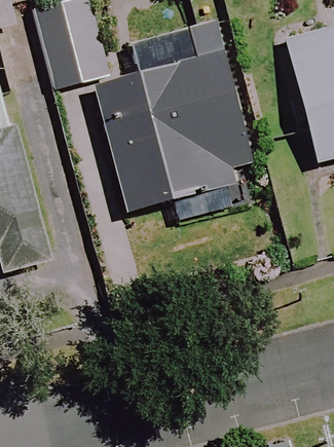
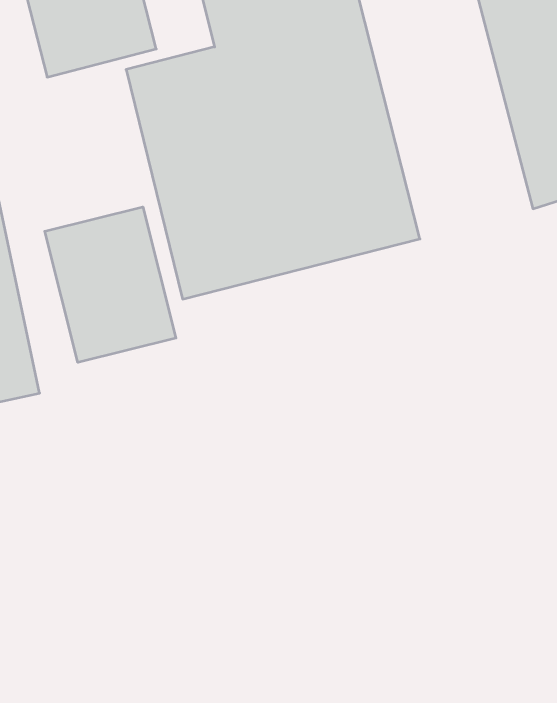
building: none -> [45,207,176,362]

